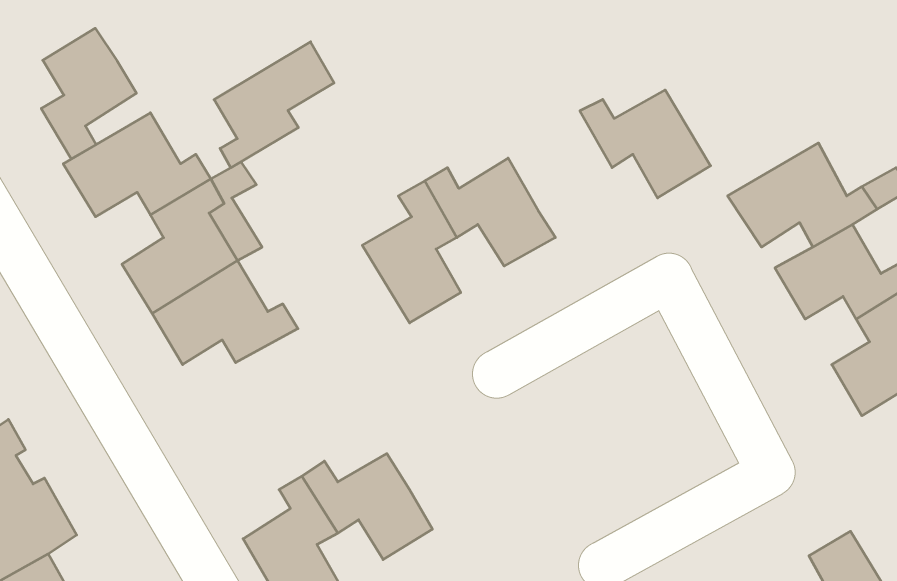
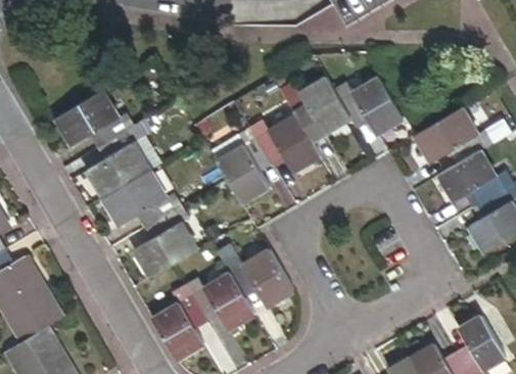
building: [41,28,136,159] -> none
building: [214,42,334,168] -> none
building: none -> [279,77,350,143]
building: none -> [134,206,196,278]
building: none -> [217,244,293,308]

